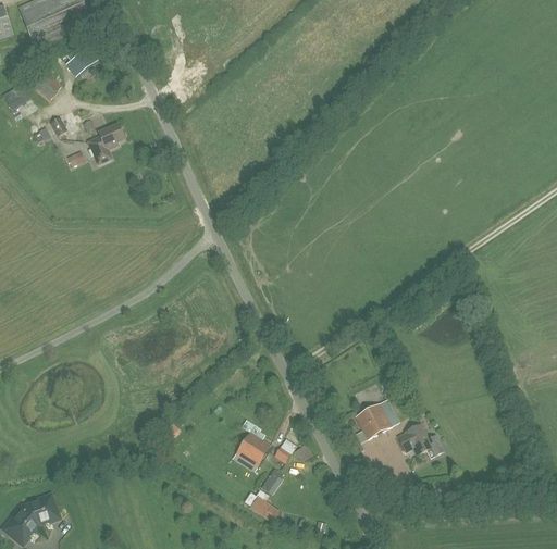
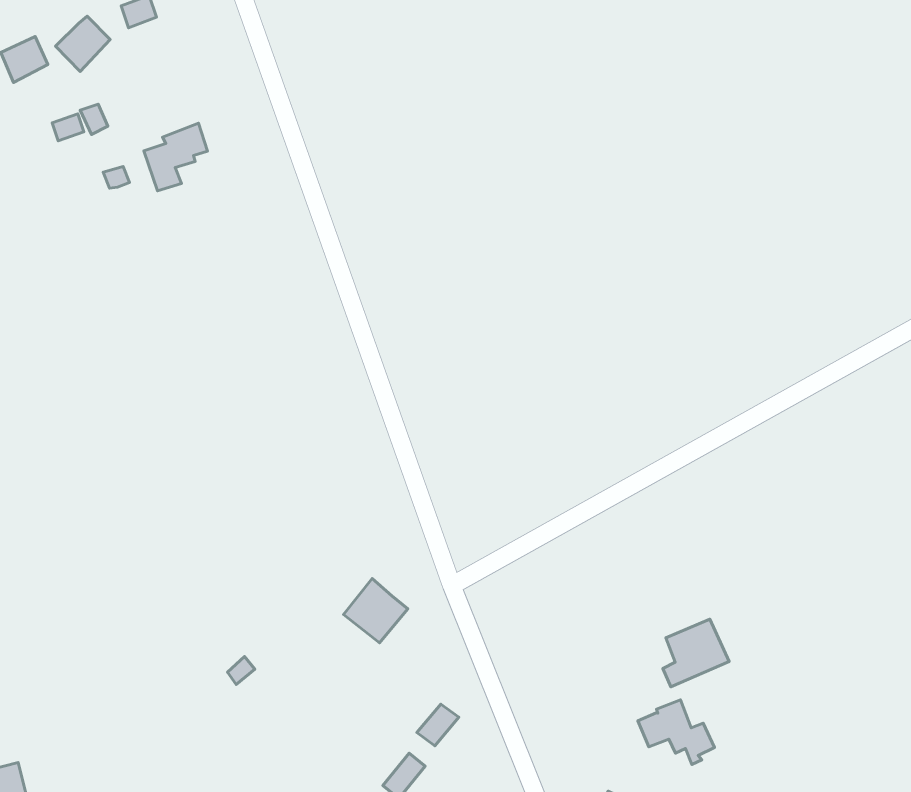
building: [356,402,393,442] -> [663,619,729,687]
building: [236,431,272,466] -> [344,578,408,643]

